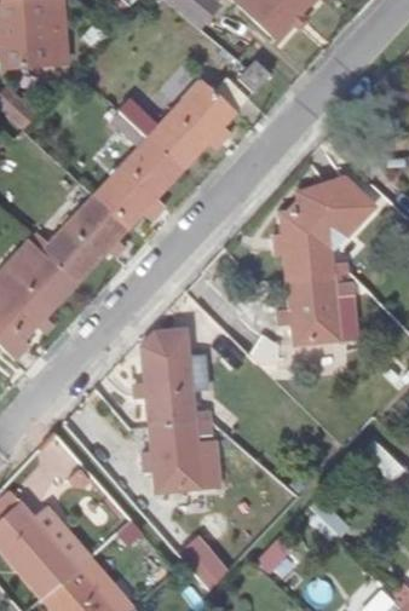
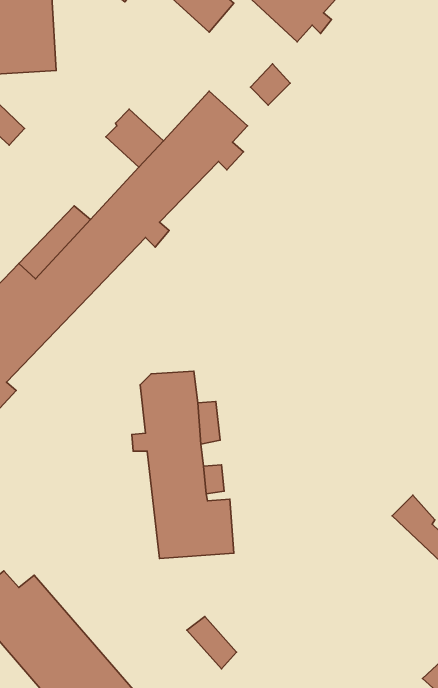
building: [272,174,375,345] -> none

